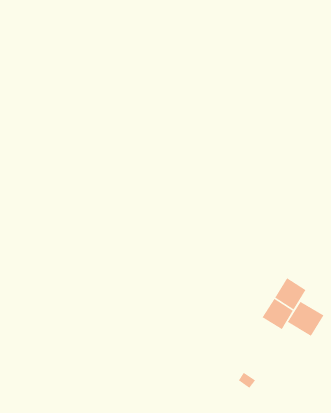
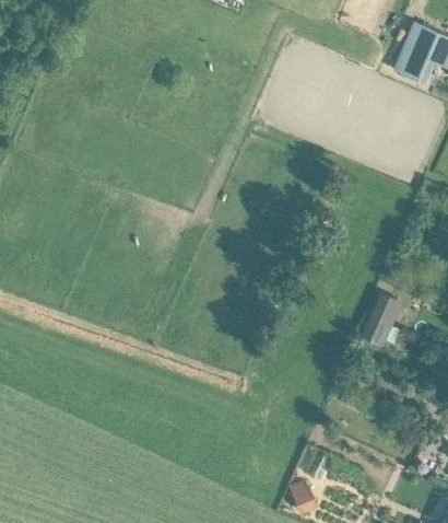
building: [287,301,324,337] -> none

